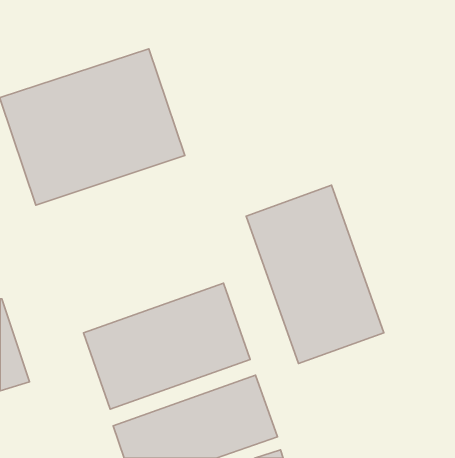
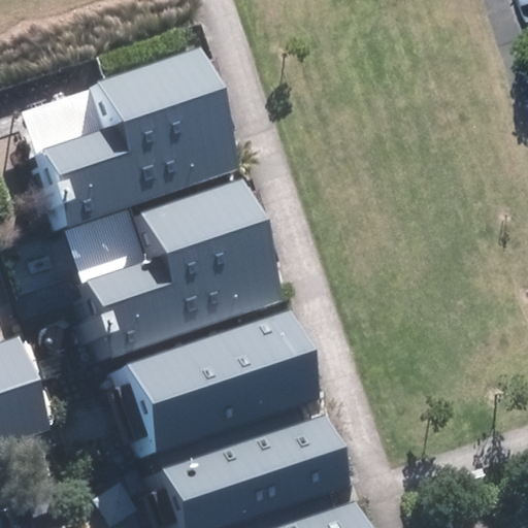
building: none -> [71,183,267,361]
building: [246,185,384,364] -> none

